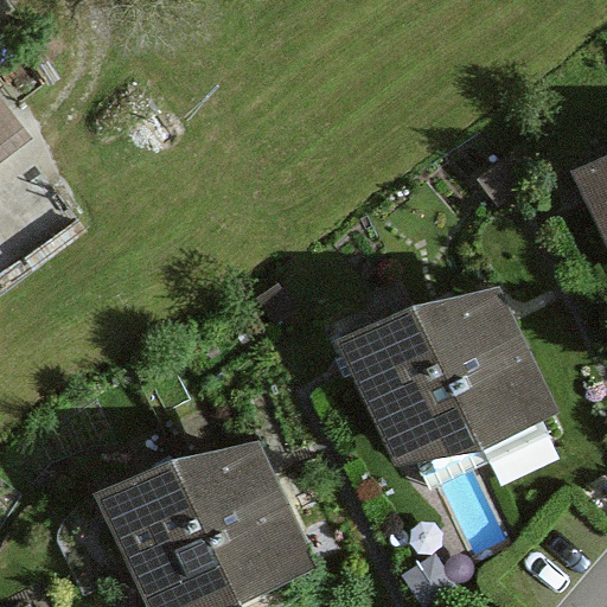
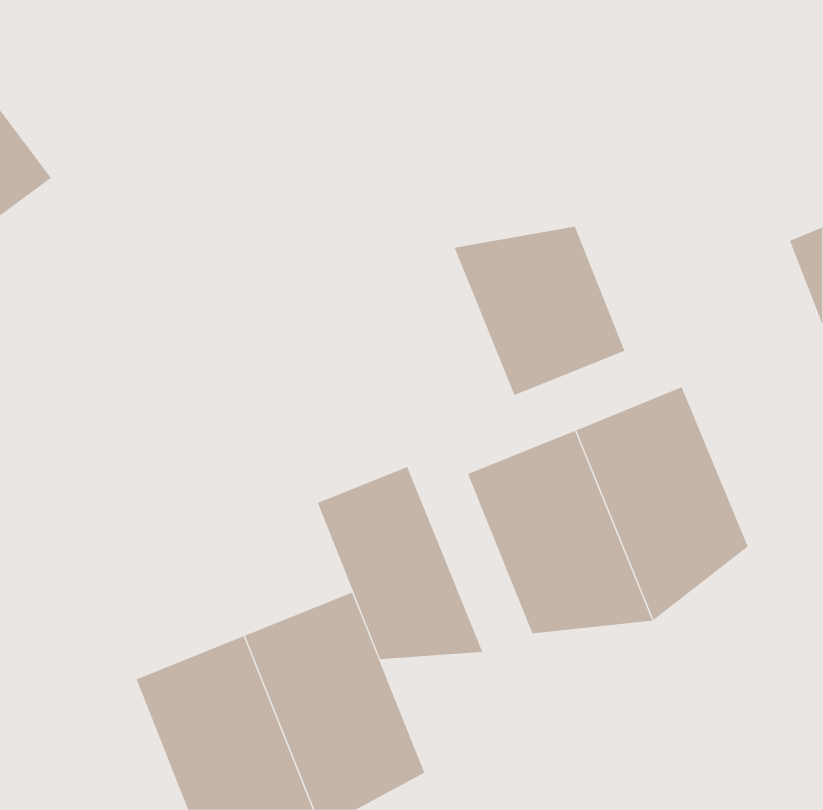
building: none -> [454,226,625,396]
building: none -> [317,466,483,660]

